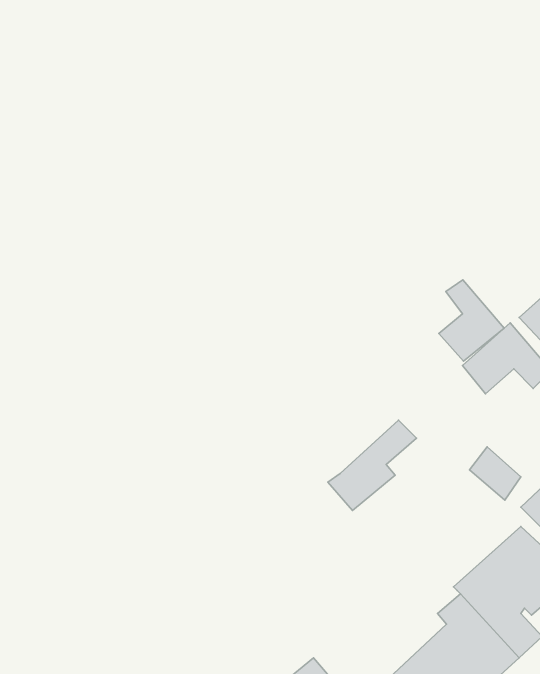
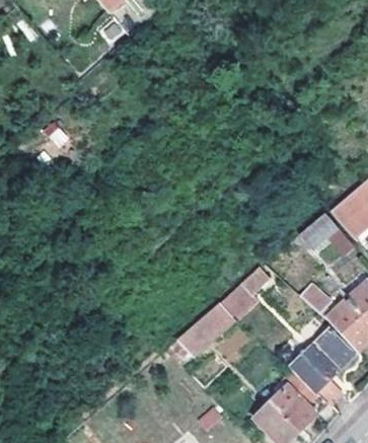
building: [439,280,504,361] -> none
building: none -> [177,303,233,356]

